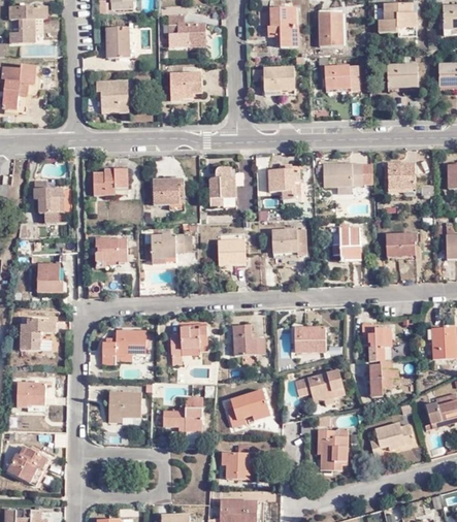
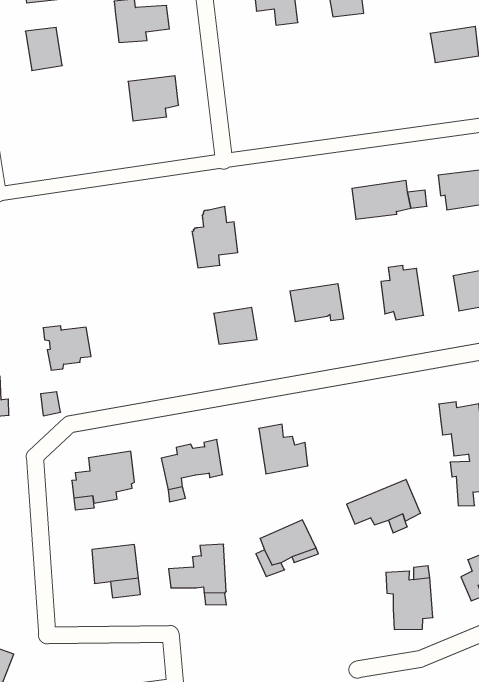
building: [327,66,361,89] -> none
building: [266,68,296,90] -> none
building: [98,84,130,111] -> none
building: [265,169,296,200] -> none
building: [94,174,128,203] -> none
building: [151,178,182,204] -> none
building: [151,234,183,256] -> none
building: [293,324,327,350] -> none
building: [219,447,246,482] -> none

